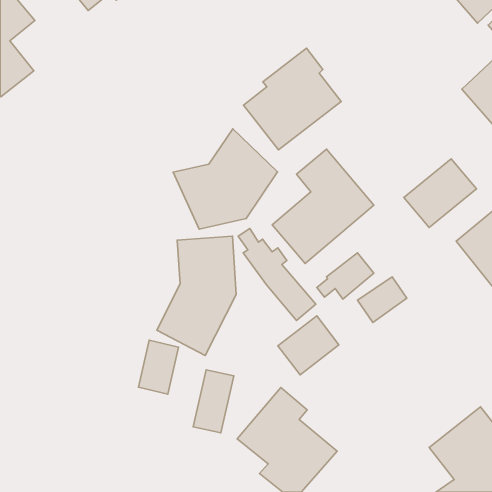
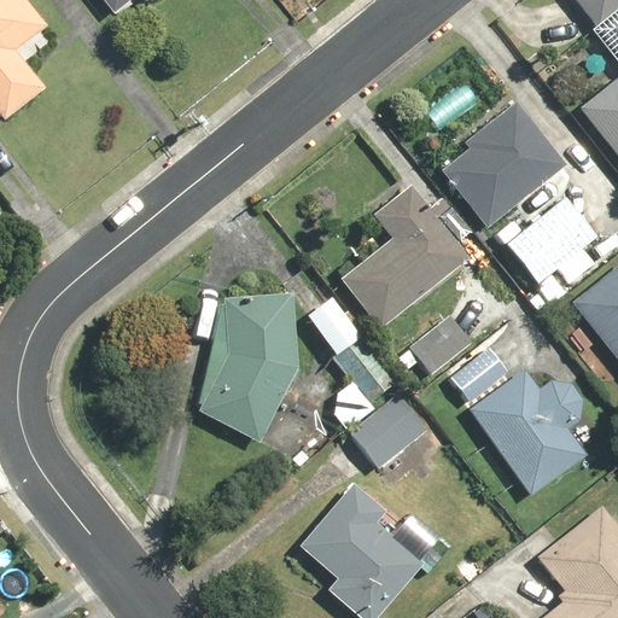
building: [243,48,341,150] -> [442,100,564,227]
building: [173,129,277,229] -> none
building: none -> [468,371,588,494]
building: [139,340,178,394] -> none
building: [193,370,234,433] -> none

